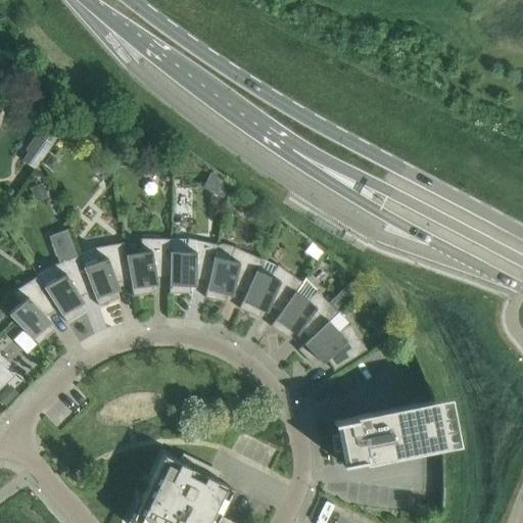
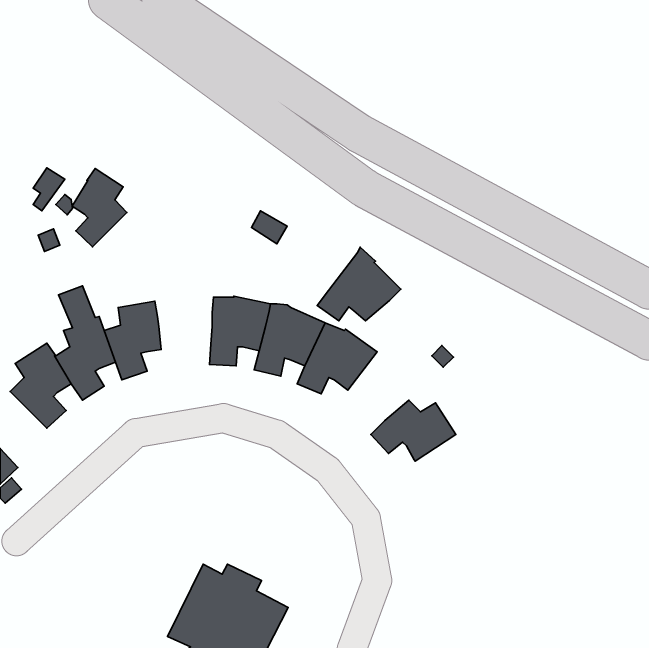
building: none -> [72,169,127,247]
building: [127,239,172,297] -> none
building: [271,280,338,339] -> [317,247,401,321]
building: [333,398,450,465] -> none

